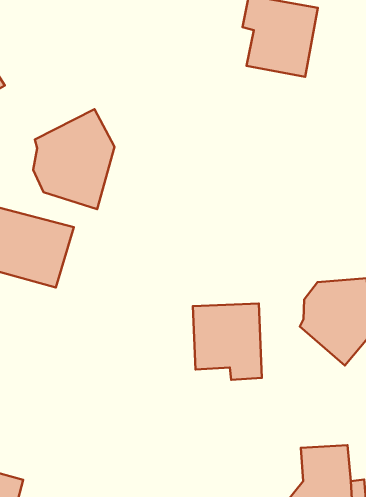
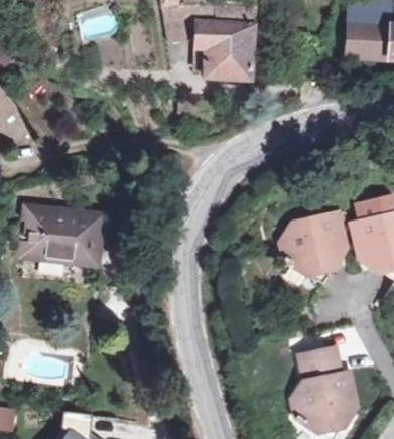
building: [33,109,115,209] -> none
building: [193,304,262,380] -> none

